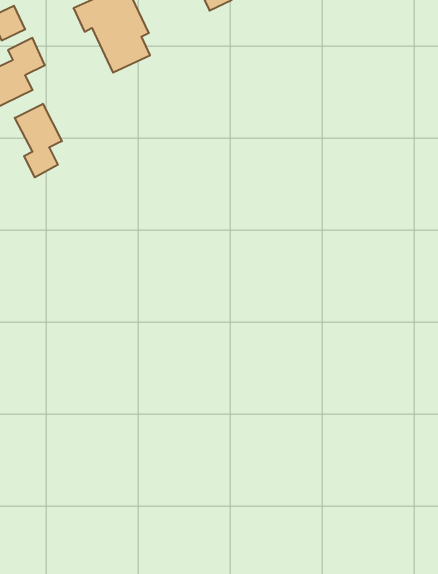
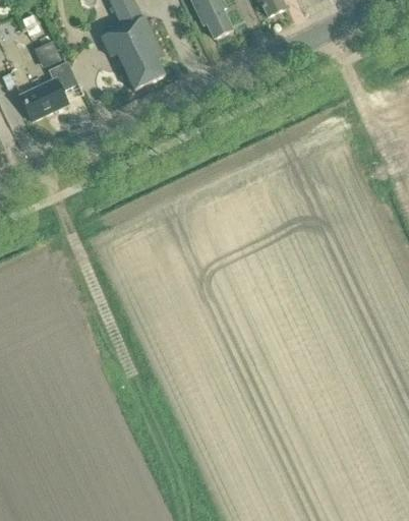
building: [15,104,62,177] -> none

